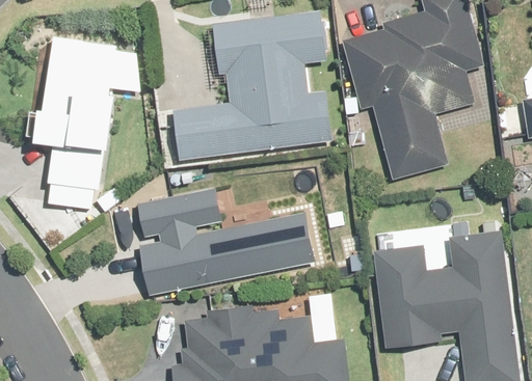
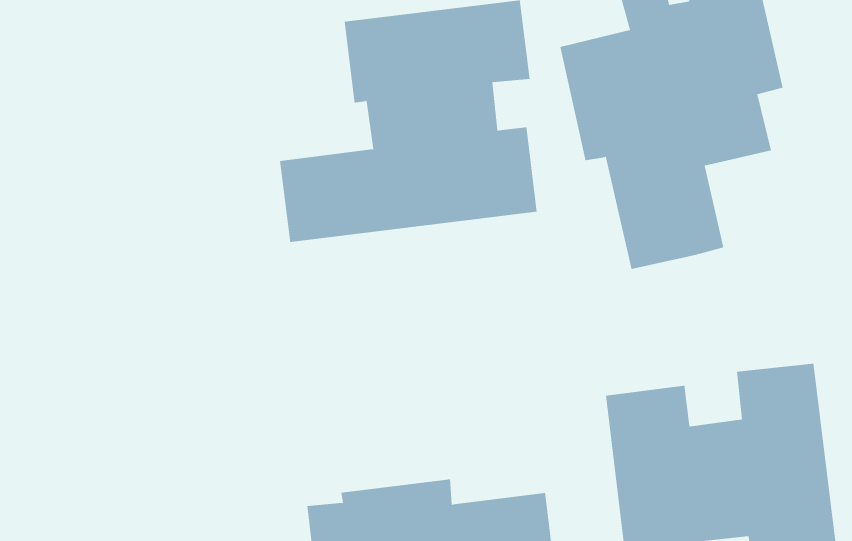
building: [34,37,152,210] -> none
building: [138,188,314,296] -> none

